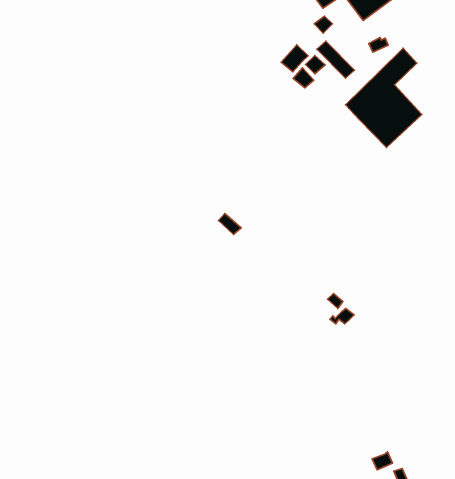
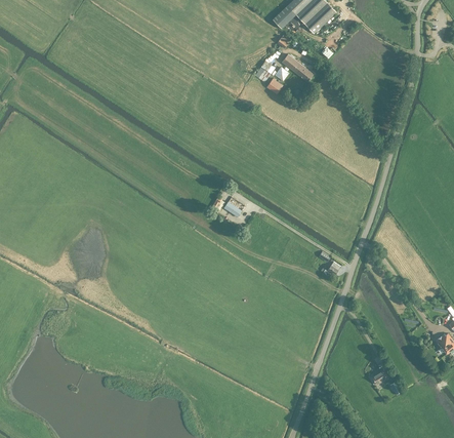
building: [345,48,422,147] -> none

